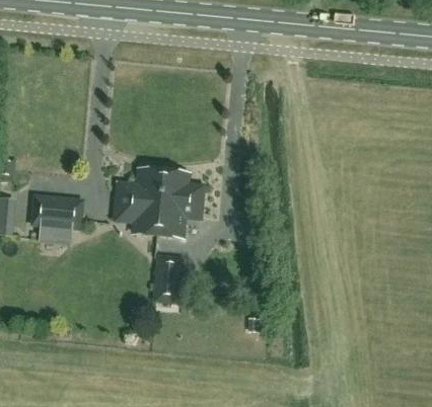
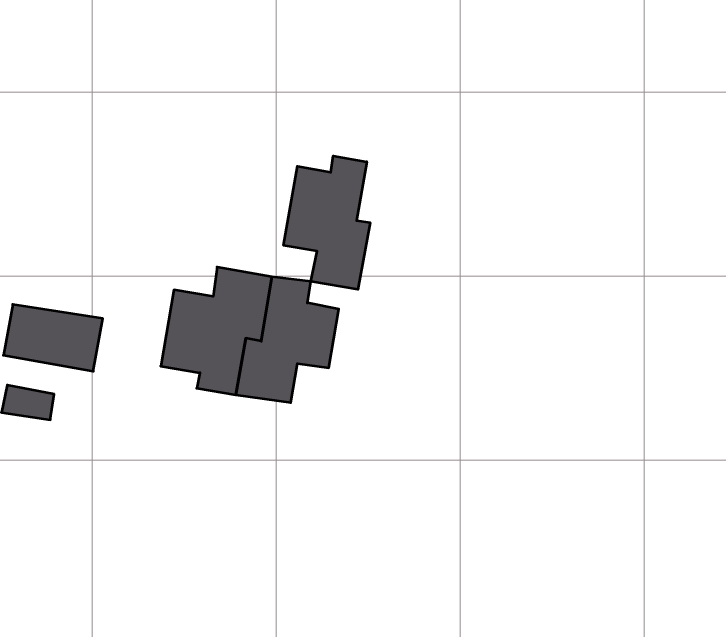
building: none -> [284,156,370,289]
building: [155,250,181,299] -> none

